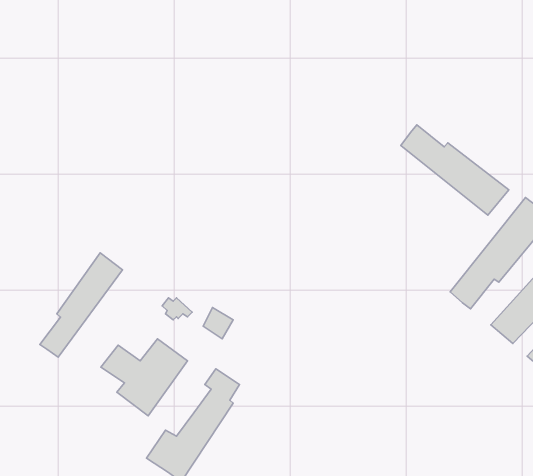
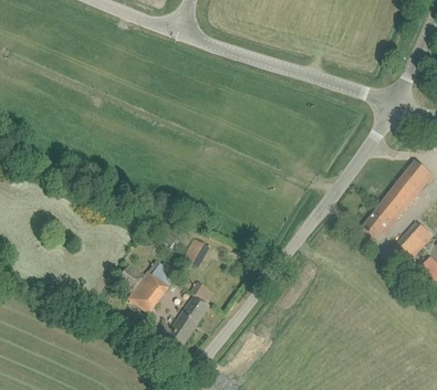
building: [401,125,509,215] -> none
building: [40,253,122,357] -> none

